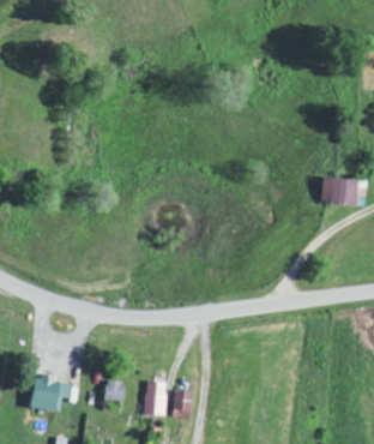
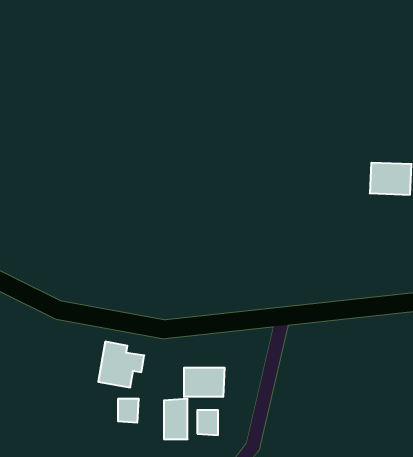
building: none -> [184,368,225,397]
building: [32,372,72,412] -> [98,342,144,387]

